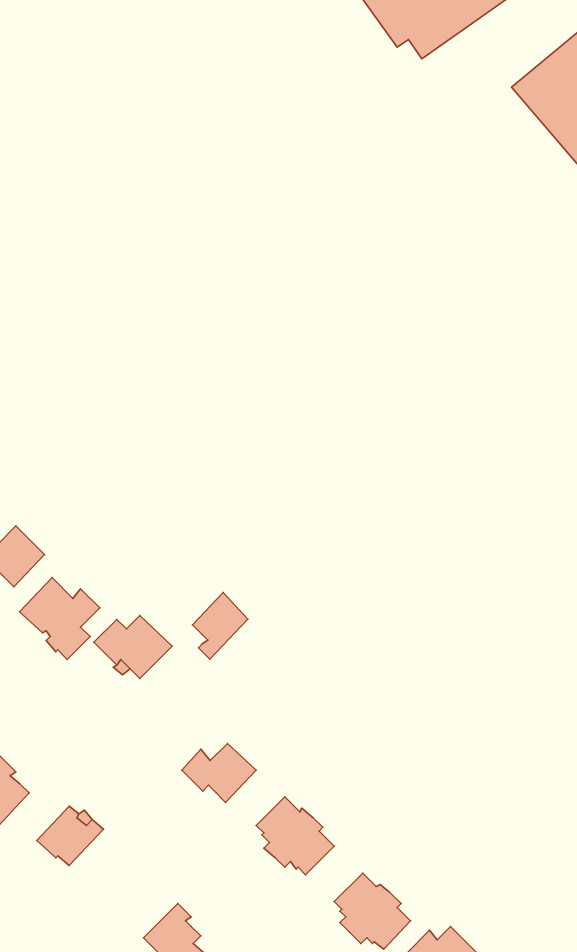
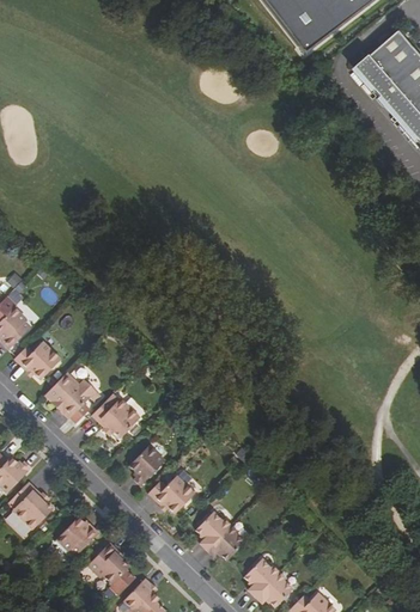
building: [193,592,248,659] -> [129,445,164,486]
building: none -> [87,543,135,594]

